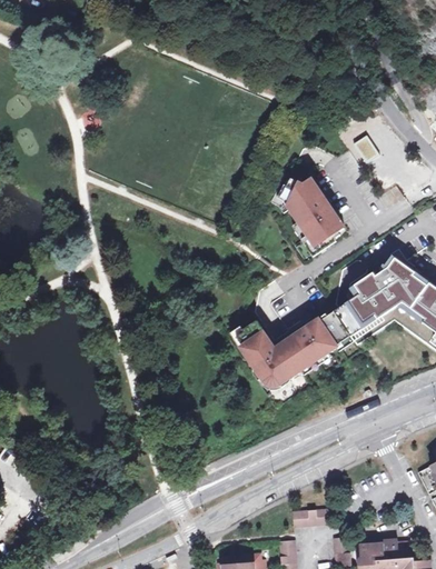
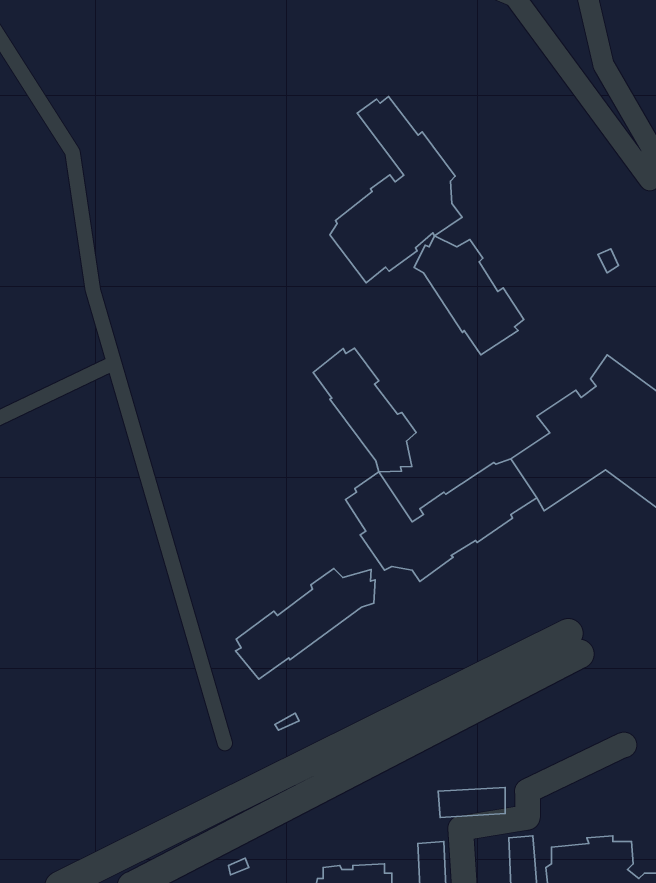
building: none -> [330,97,462,283]
building: none -> [313,348,416,472]
building: none -> [236,569,375,679]

